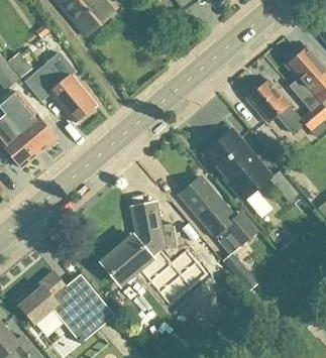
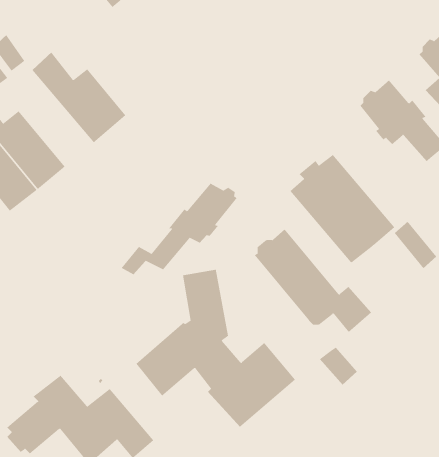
building: none -> [121,183,238,275]

